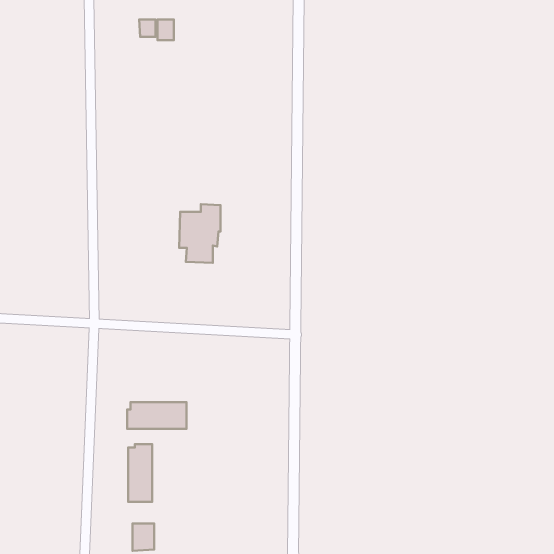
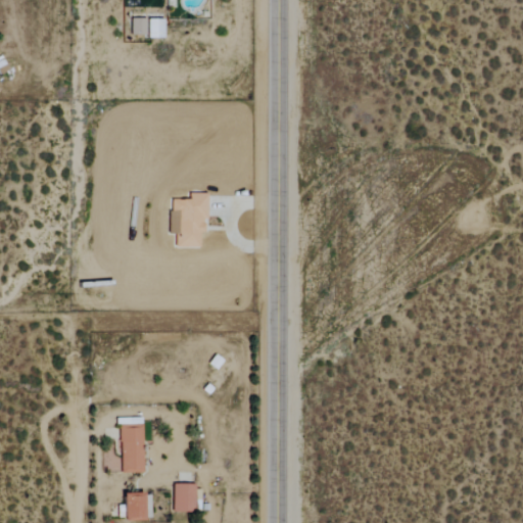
building: [127,402,187,429] -> none
building: none -> [175,483,196,512]

